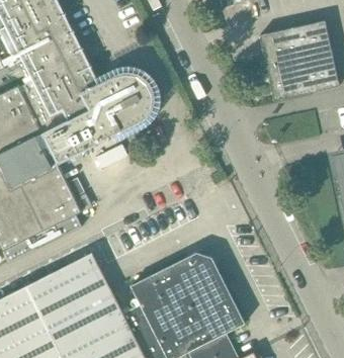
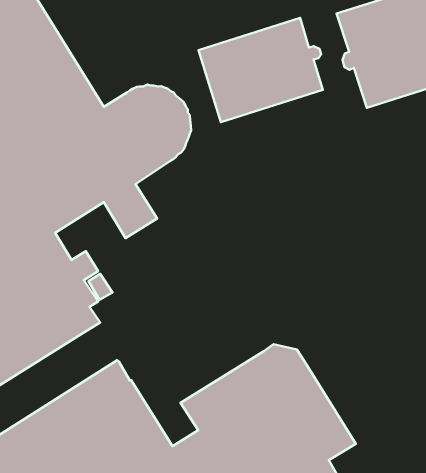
building: none -> [198,18,323,122]

